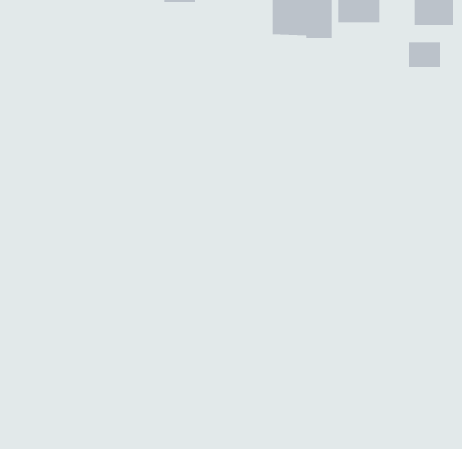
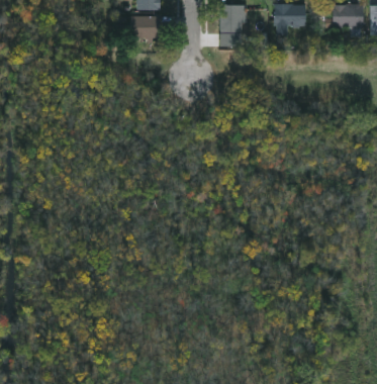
building: none -> [129,16,159,40]
building: [408,42,441,68] -> none

